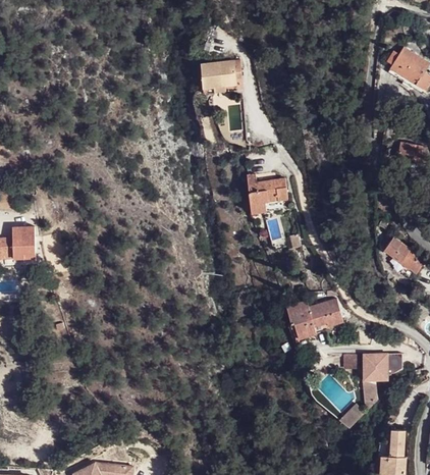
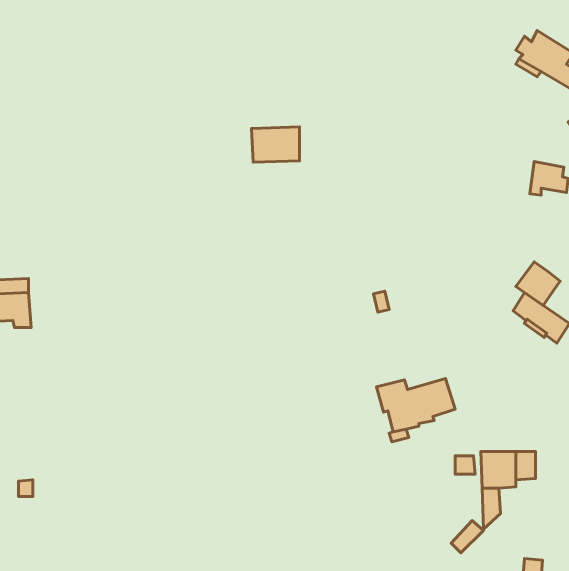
building: [201,59,235,85] -> [252,127,299,162]
building: [247,175,289,213] -> none
building: none -> [516,262,560,305]

